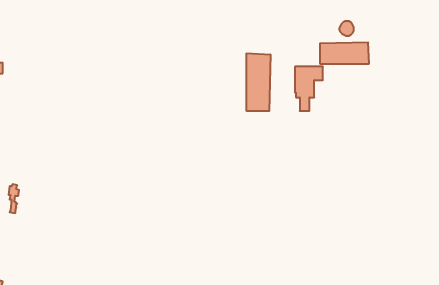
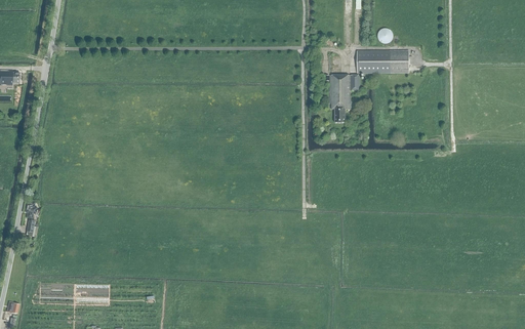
building: [247,53,270,111] -> none

